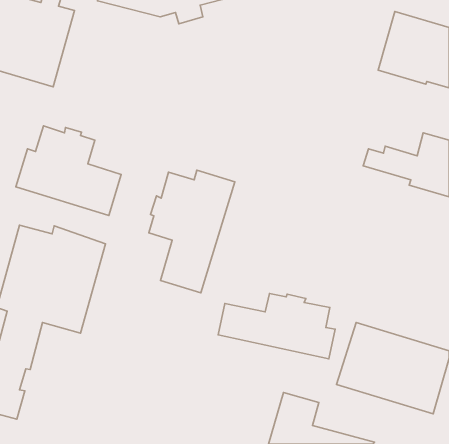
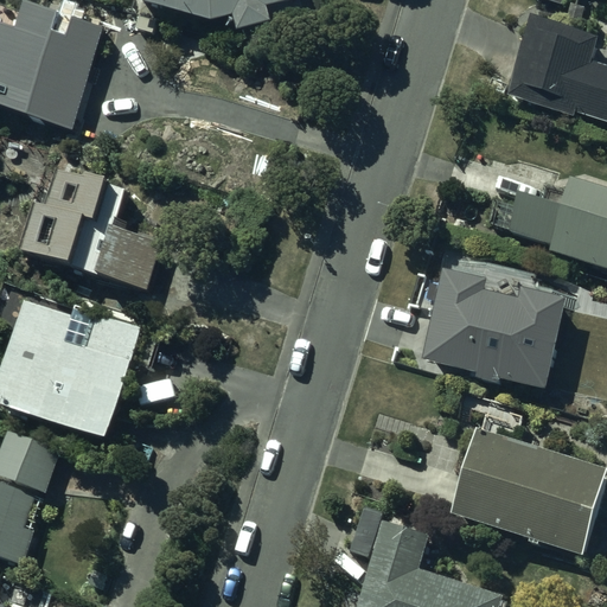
building: [149,170,235,293] -> none
building: none -> [427,261,561,373]
building: [218,293,335,359] -> none

